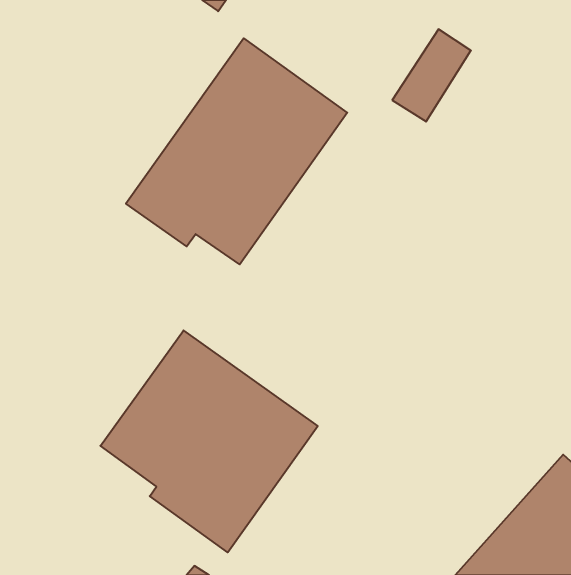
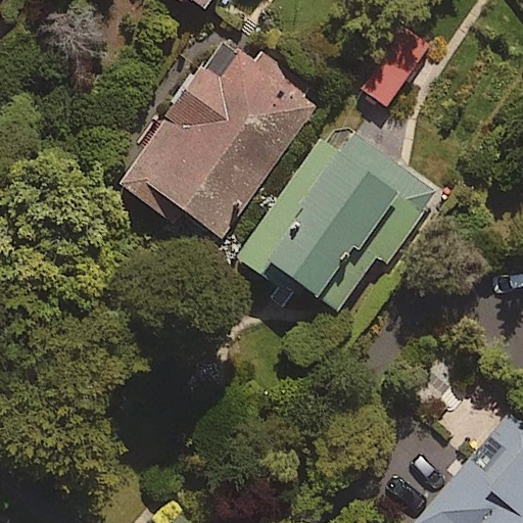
building: none -> [237,134,437,314]
building: [100,330,318,552] -> none

